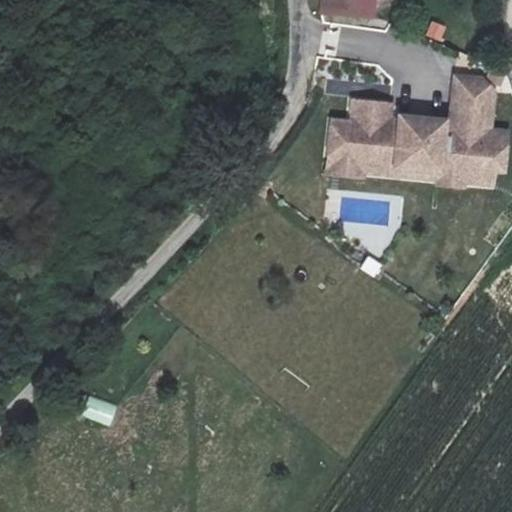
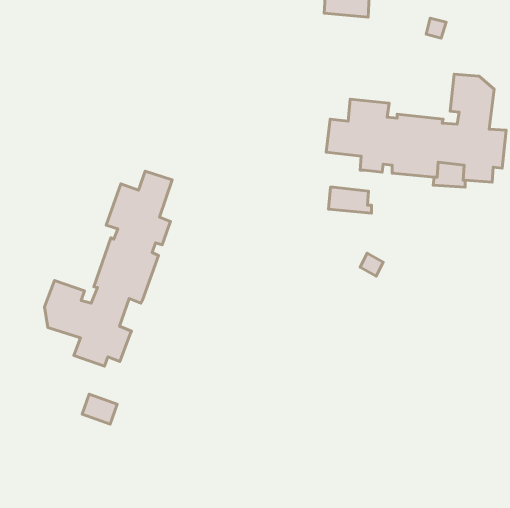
building: [322,152,365,178] -> [329,187,372,213]
building: none -> [45,171,172,366]

